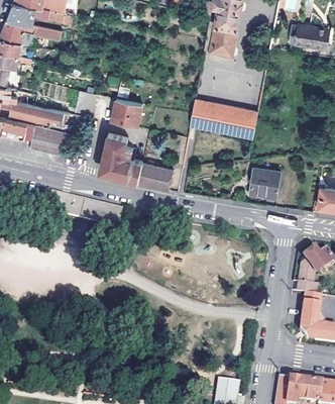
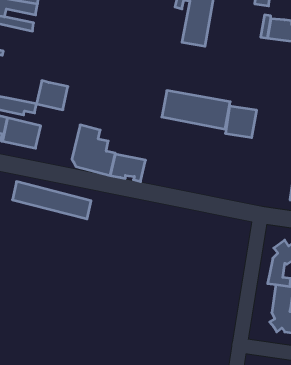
building: [112,97,144,125] -> none
building: [250,167,282,198] -> [225,106,257,138]

